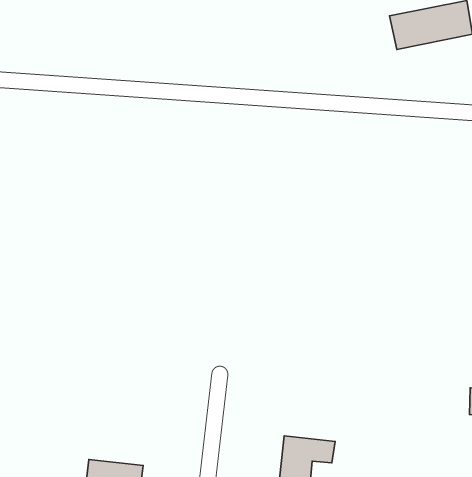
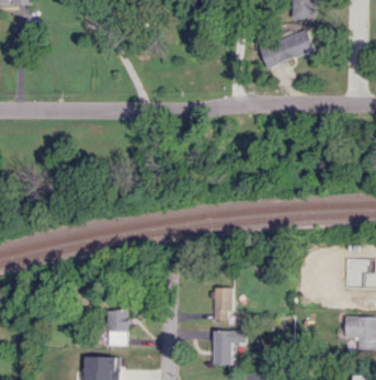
building: none -> [213,289,232,320]
building: none -> [105,311,127,346]

